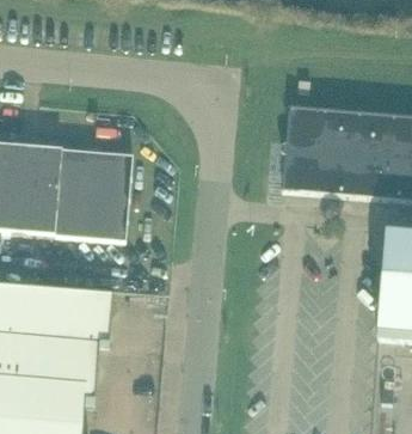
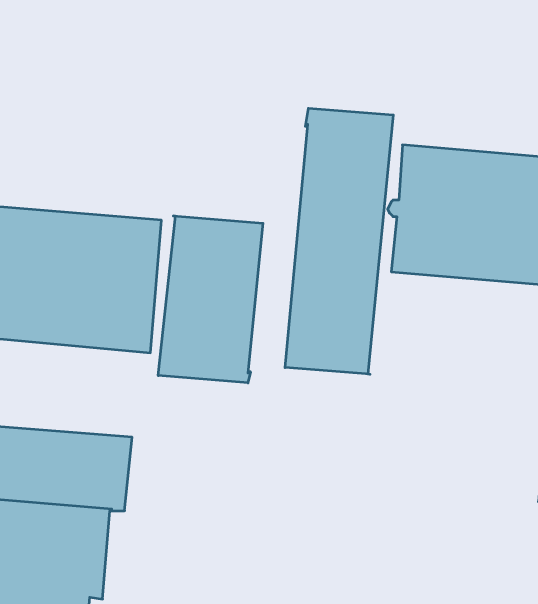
building: none -> [285,108,393,374]
building: none -> [158,216,263,383]

